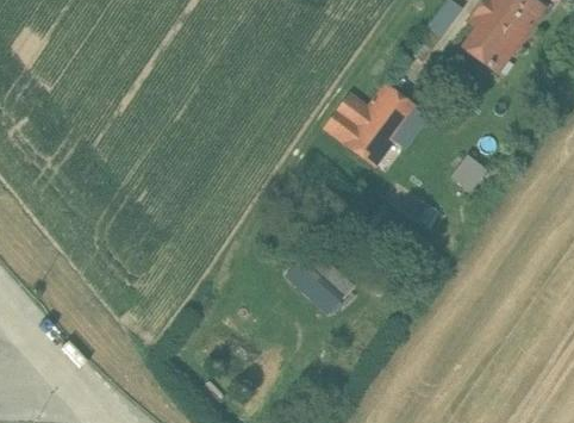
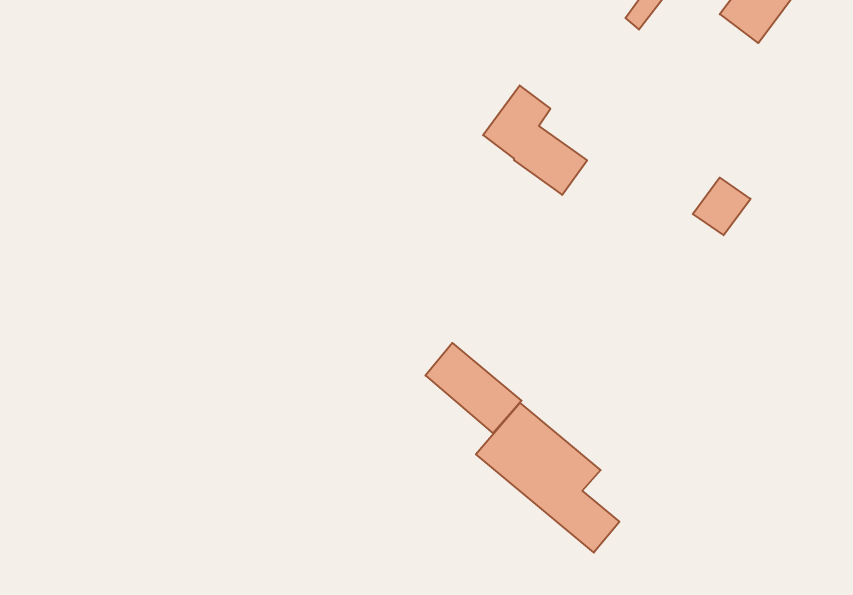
building: [361,87,414,142] -> none
building: none -> [476,403,619,553]

